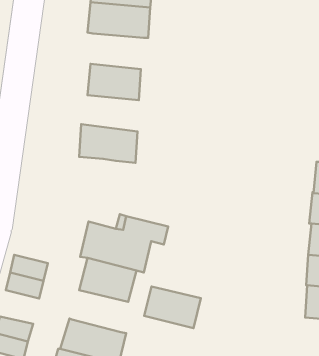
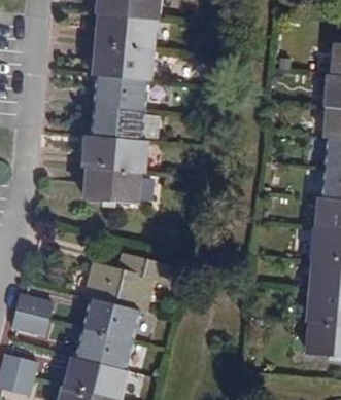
building: none -> [94,75,146,110]
building: none -> [81,135,147,172]
building: [144,287,201,328] -> [75,328,131,369]

